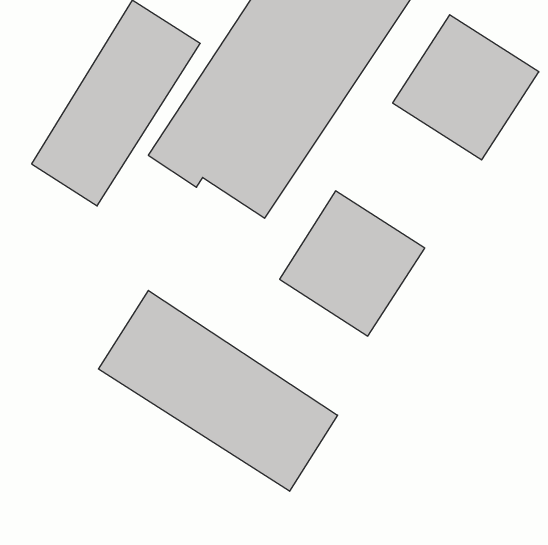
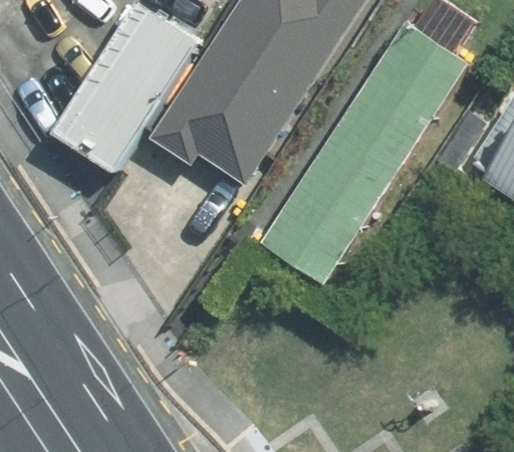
building: none -> [303,89,422,207]
building: [98,290,338,491] -> none

